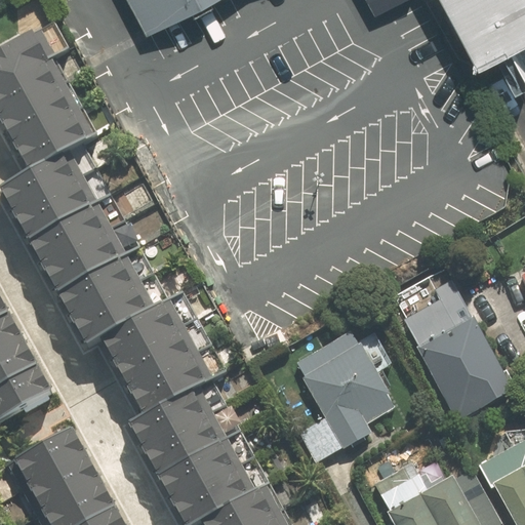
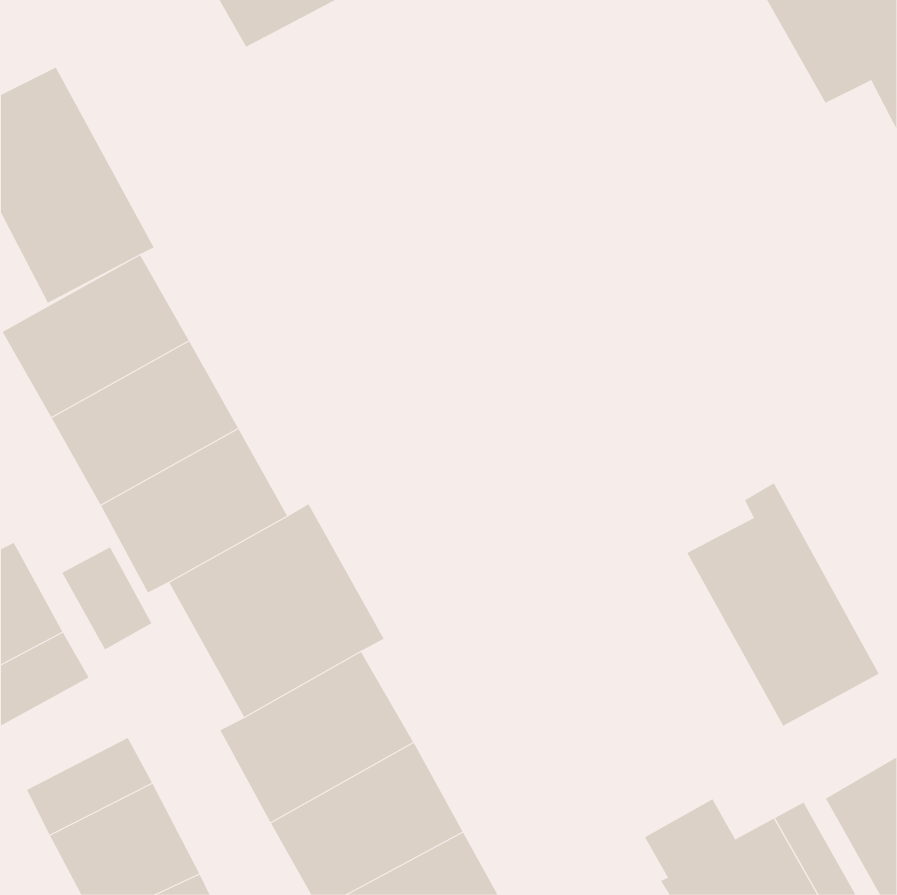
building: none -> [61,546,152,650]
building: [295,333,395,465] -> none

